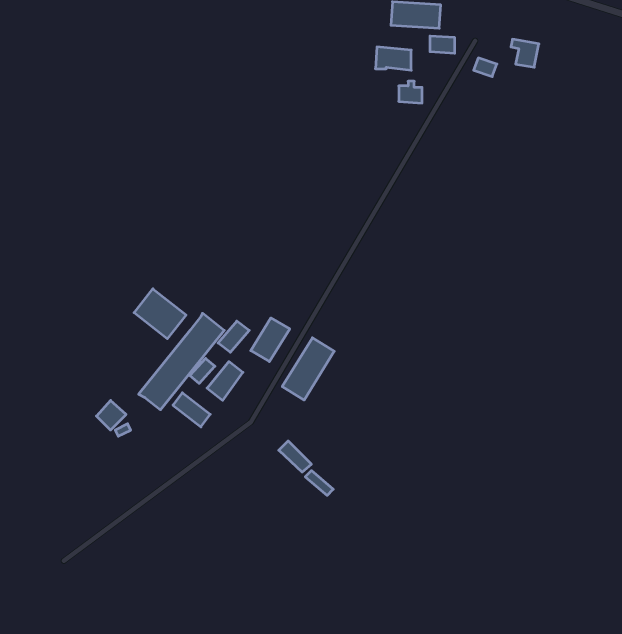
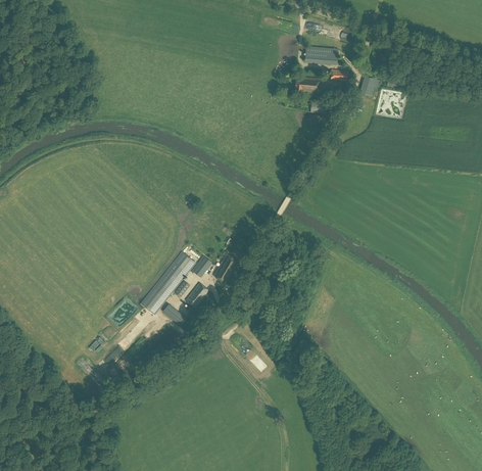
building: [134,289,186,339] -> none
building: [282,338,334,400] -> none

